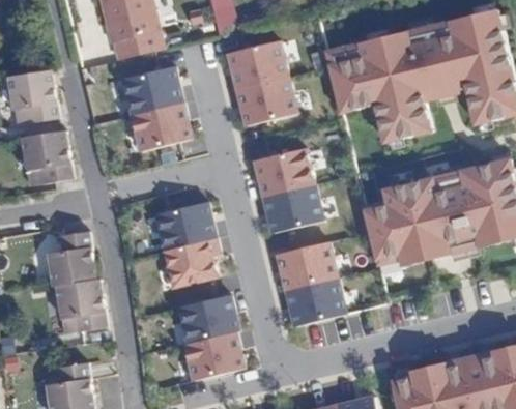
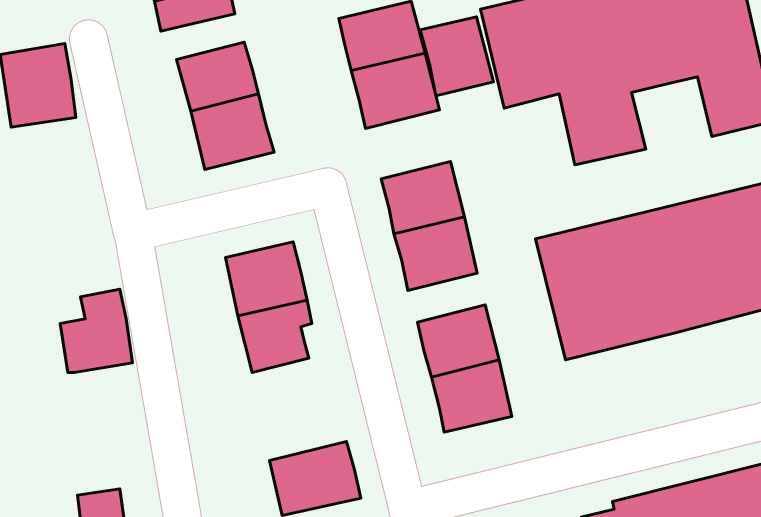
building: none -> [420,17,493,96]
building: [21,129,71,184] -> none
building: [57,279,107,334] -> none
building: [177,296,236,344] -> none

